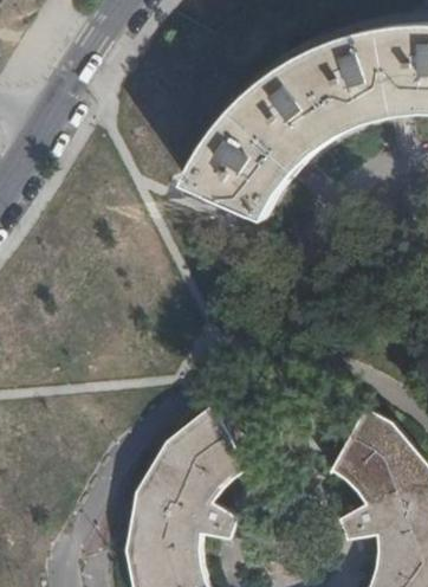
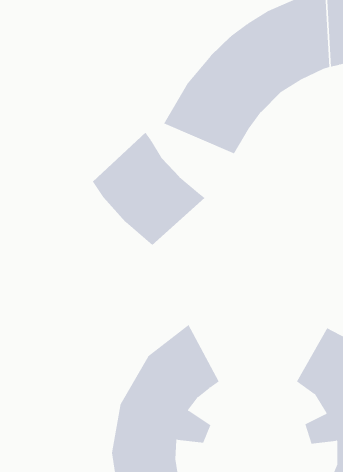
building: none -> [92,132,206,246]

